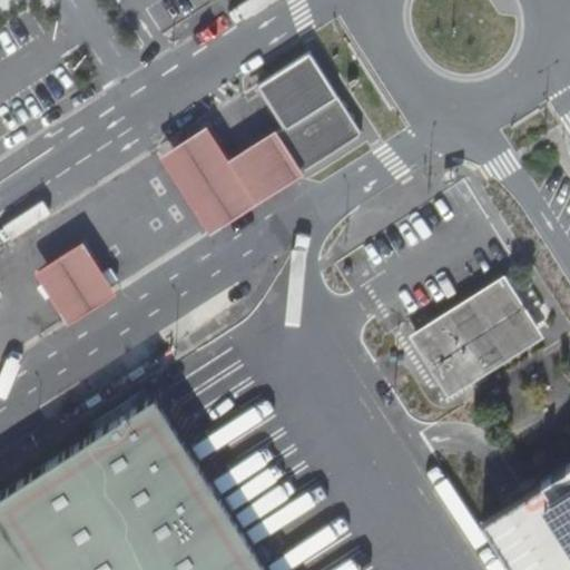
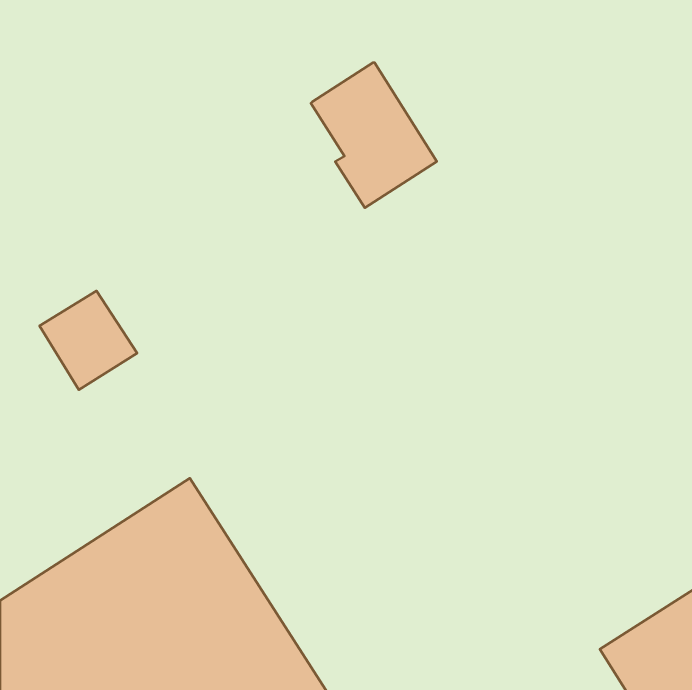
building: [157,128,301,235] -> none
building: [406,279,538,397] -> none

